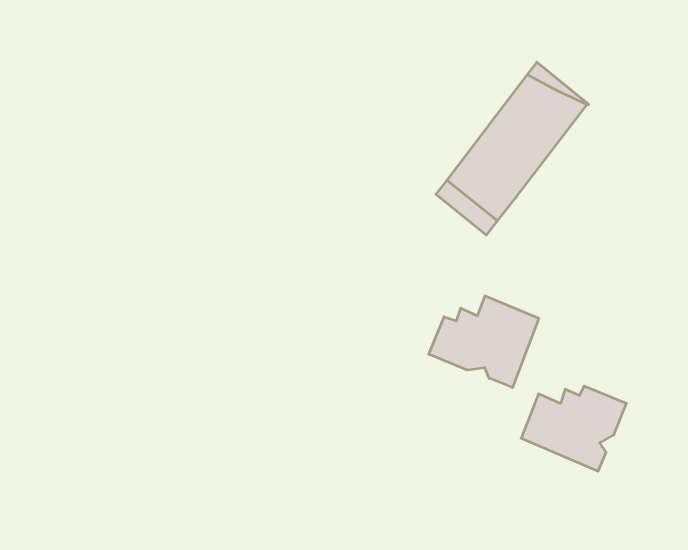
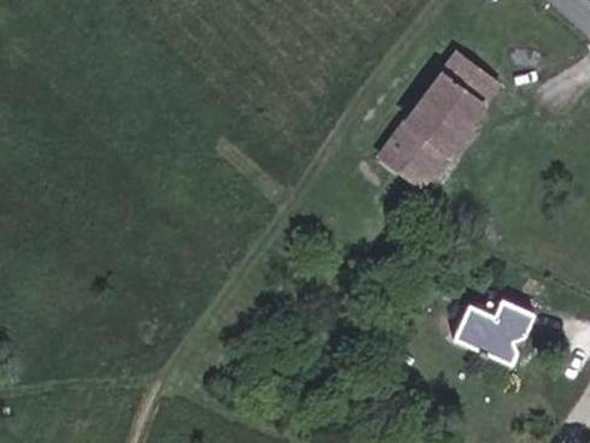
building: [429,296,539,388] -> none

